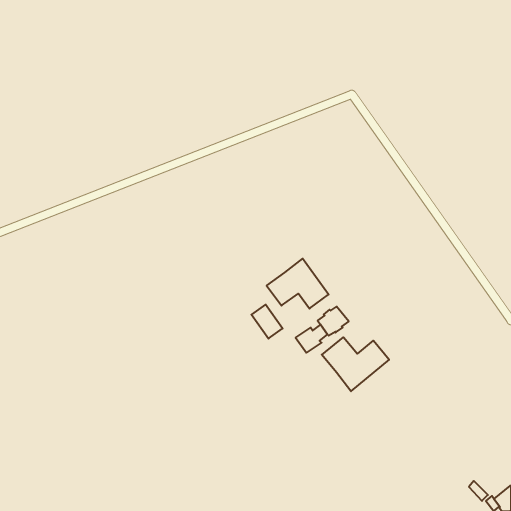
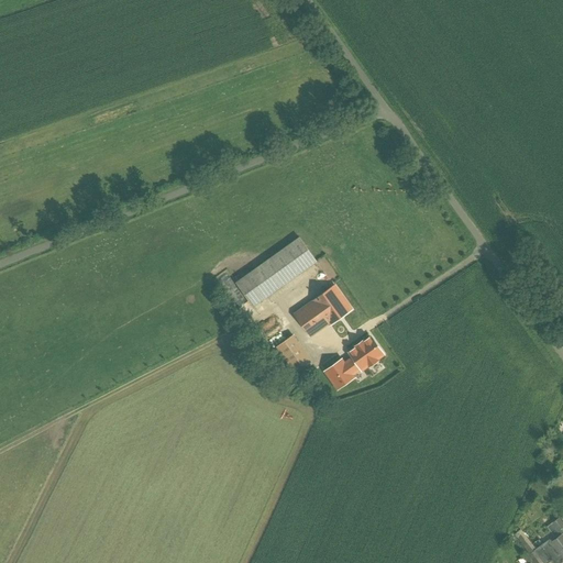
building: none -> [235,236,316,306]
building: [322,337,389,391] -> none

